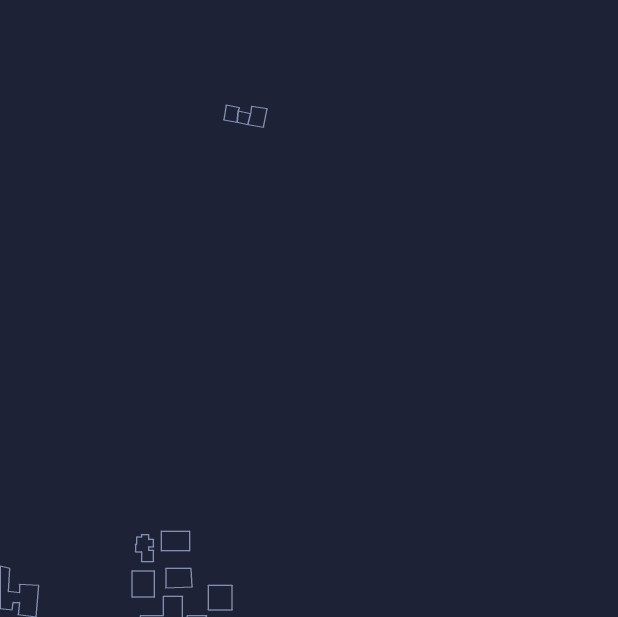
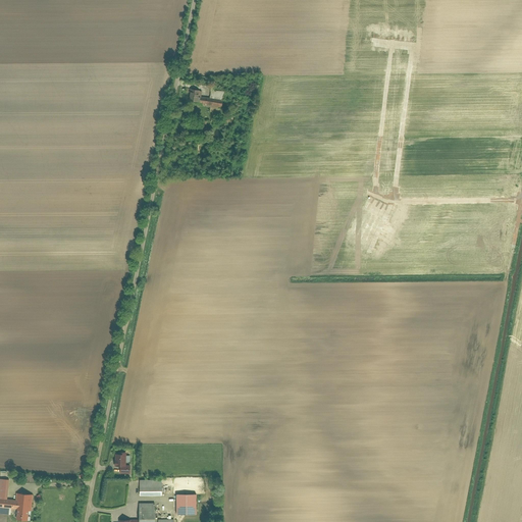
building: [161,531,189,551] -> none
building: [132,571,154,597] -> none

